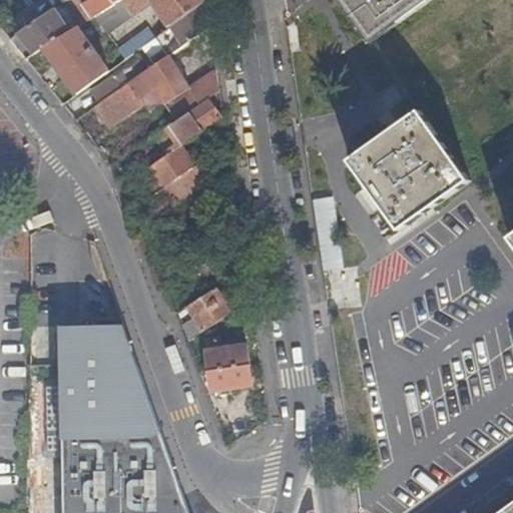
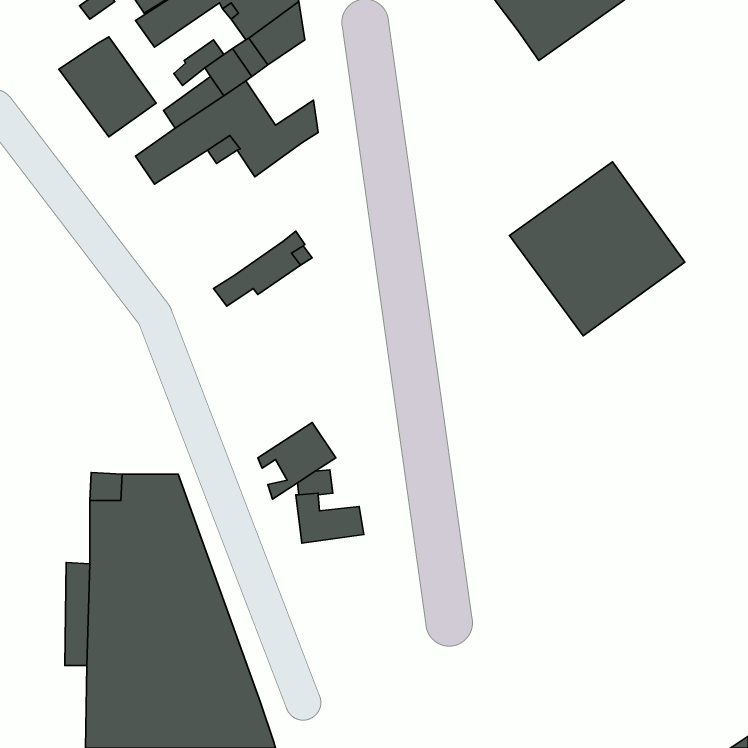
building: [7,6,67,57] -> none
building: [141,97,217,196] -> none
building: [205,364,250,390] -> none

